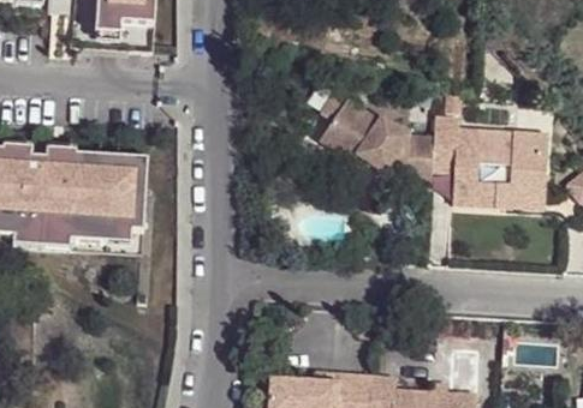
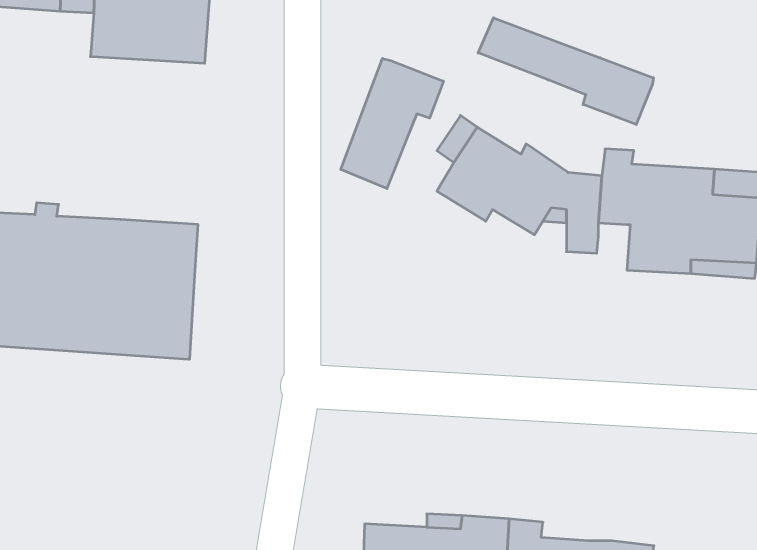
building: none -> [478,18,653,125]
building: none -> [341,58,443,189]

